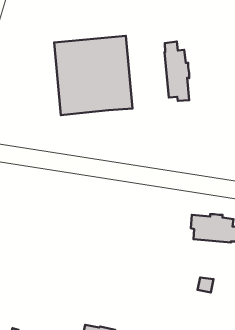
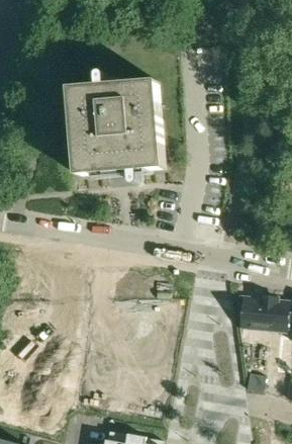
building: [165,42,189,101] -> none

